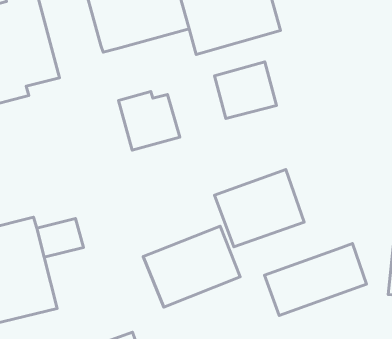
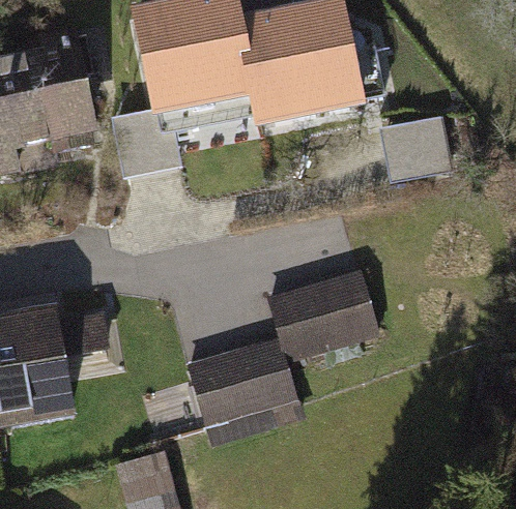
building: [214,62,276,118] -> [380,117,452,181]
building: [118,91,180,150] -> [111,109,181,177]
building: [265,243,366,316] -> none

